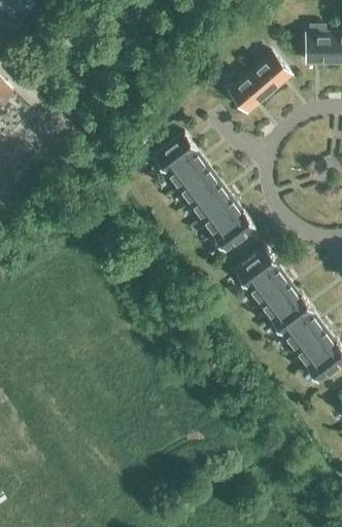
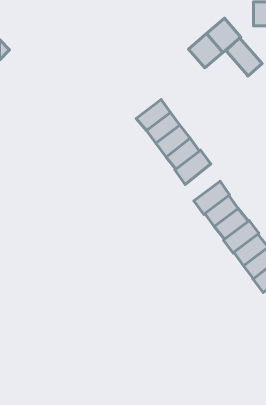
building: none -> [226,38,262,76]
building: [152,134,195,173] -> none

